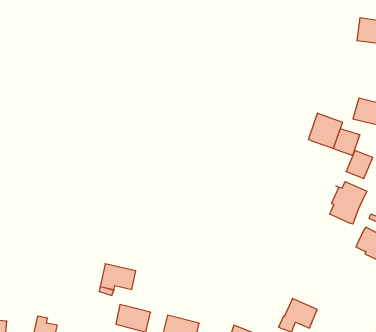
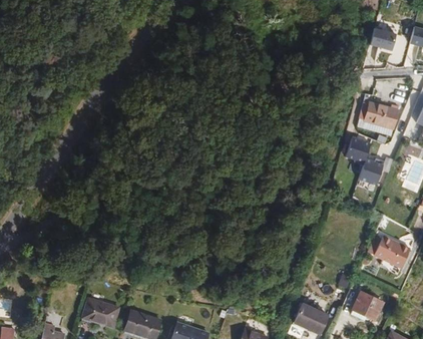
building: [308,113,342,149] -> none
building: [330,182,367,224] -> none
building: [100,264,136,290] -> [80,297,116,323]
building: none -> [350,291,382,319]

